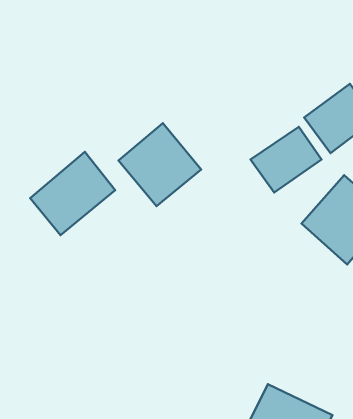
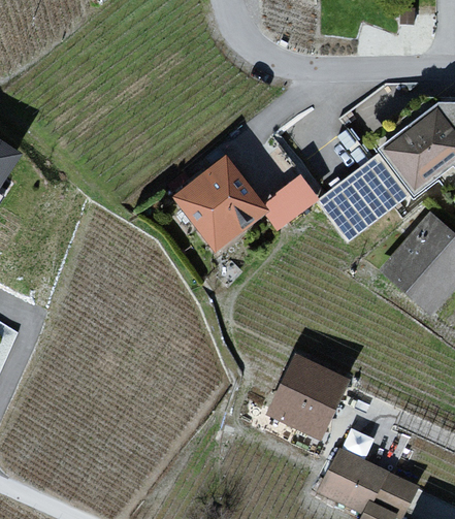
building: none -> [264,174,316,221]
building: [30,152,115,235] -> none
building: none -> [267,355,349,437]

